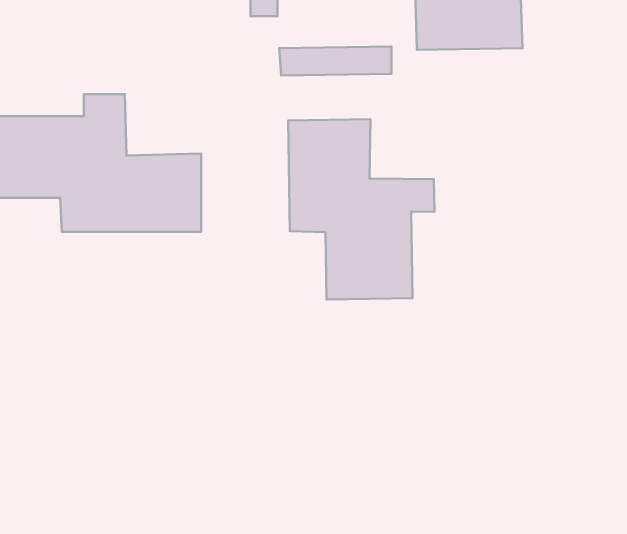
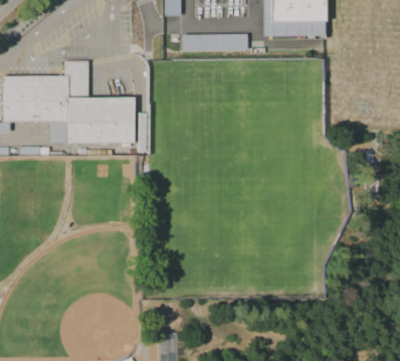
building: [288,119,434,300] -> none

